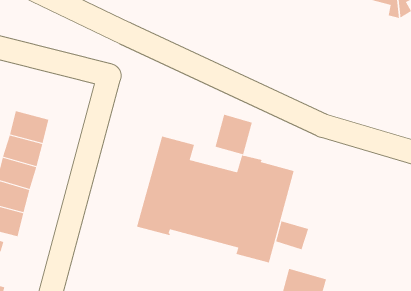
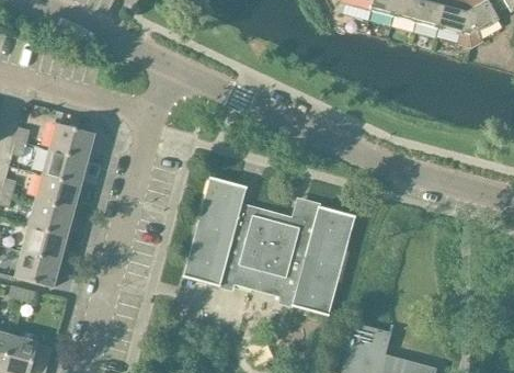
building: none -> [50,123,95,159]
building: [215,114,252,155] -> none
building: [275,220,309,250] -> none

